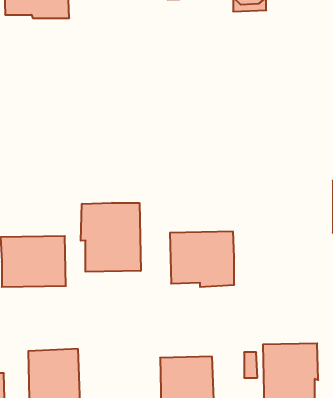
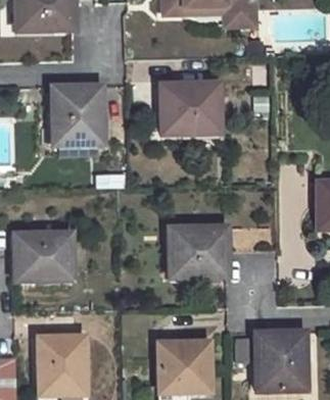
building: none -> [160,83,220,134]
building: none -> [51,88,102,145]
building: [81,203,141,272] -> none

